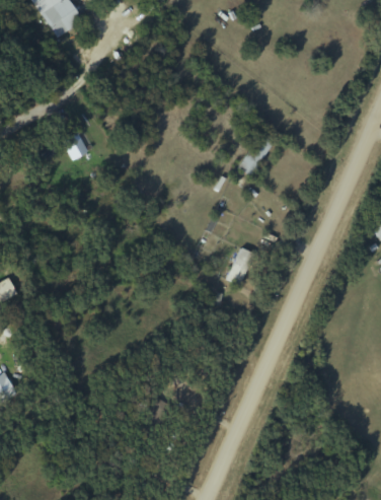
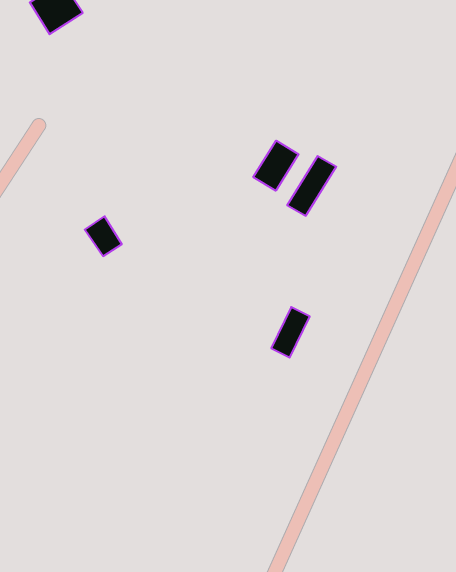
building: none -> [253,141,299,191]
building: [60,129,88,159] -> [85,216,122,256]

